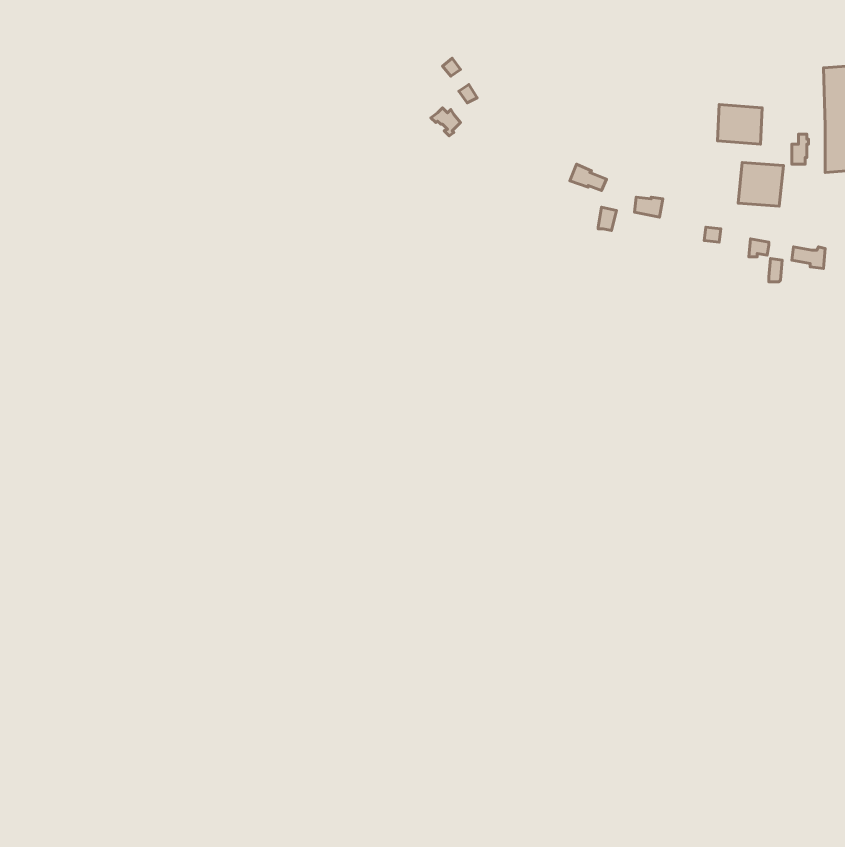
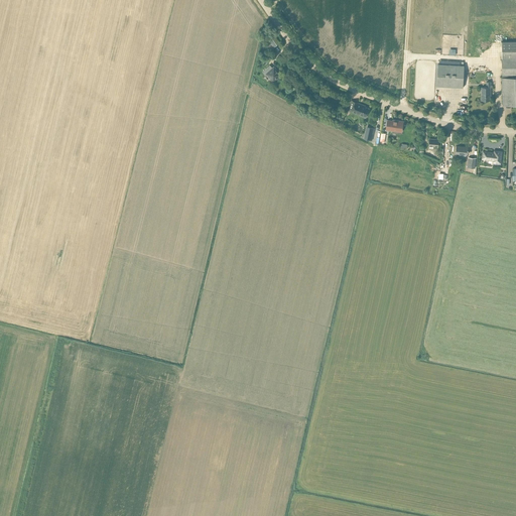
building: [738,162,783,206] -> none

